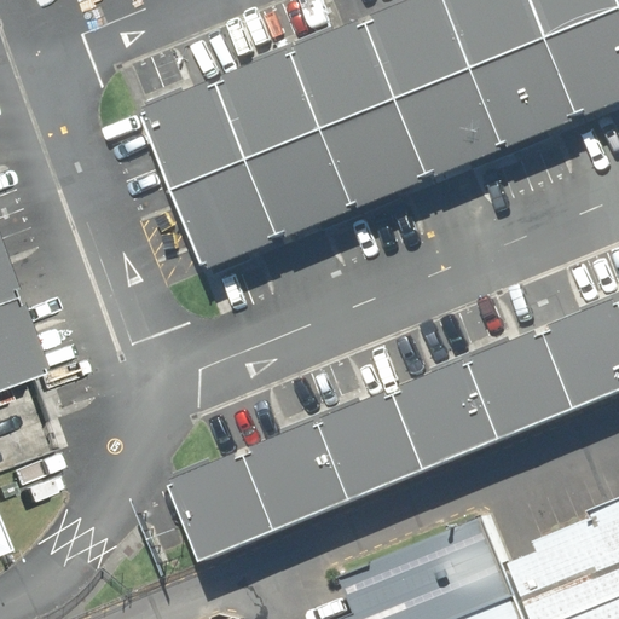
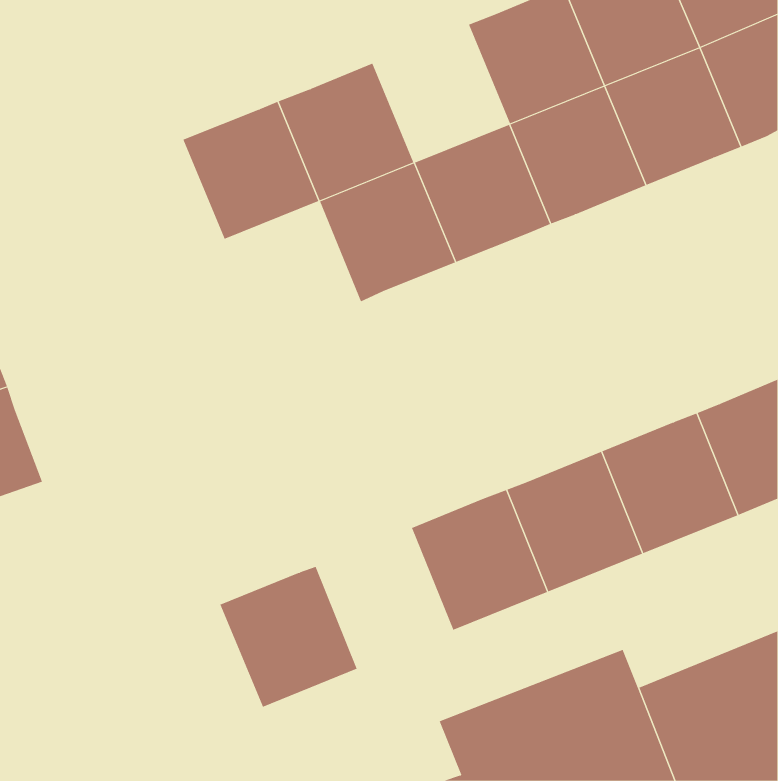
building: [294,19,401,128] -> none
building: [177,158,284,268] -> none
building: [249,416,357,527] -> none

